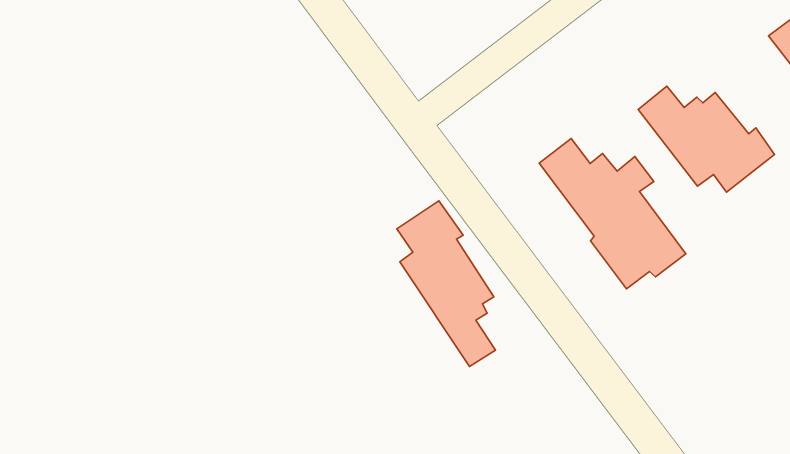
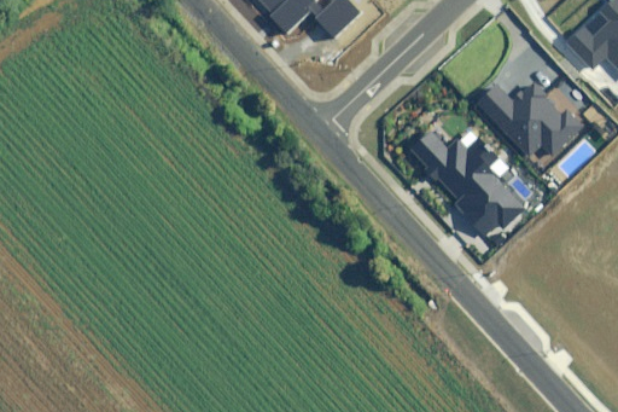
building: [397,201,495,366] -> none

